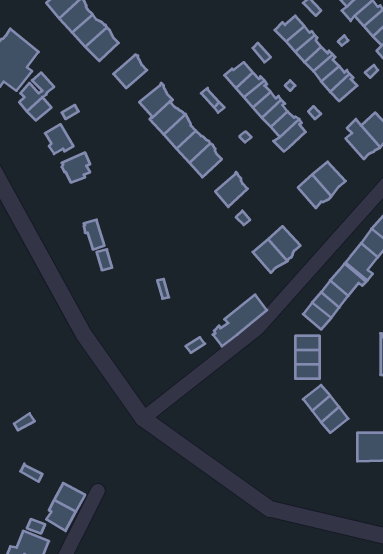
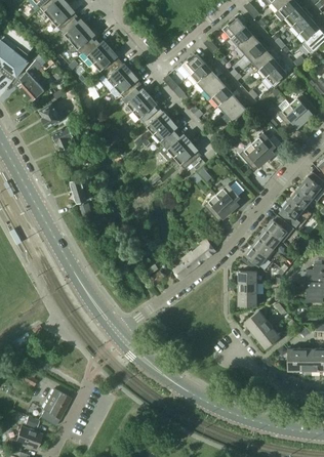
building: none -> [80,39,112,69]
building: none -> [100,61,132,91]
building: none -> [159,132,192,163]

